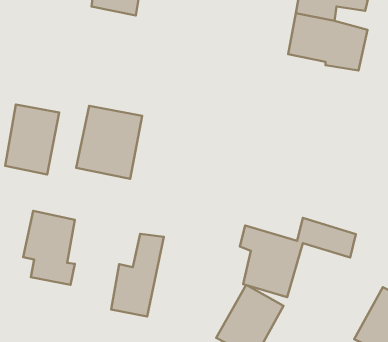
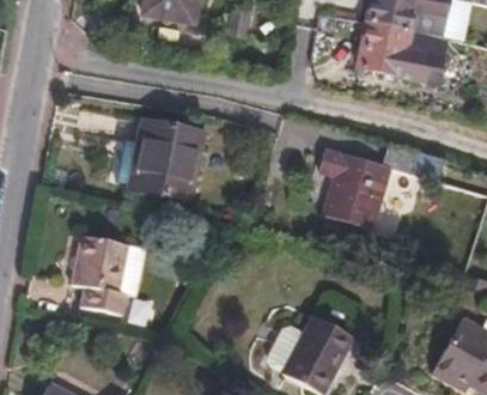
building: [5,105,59,174] -> none
building: [240,218,356,297] -> [319,141,445,227]
building: [111,234,164,317] -> none

